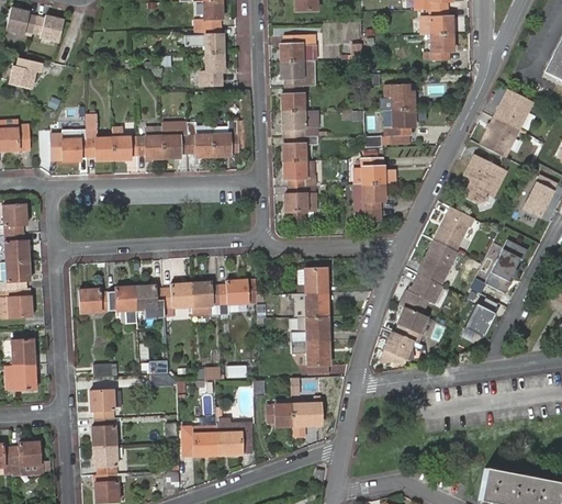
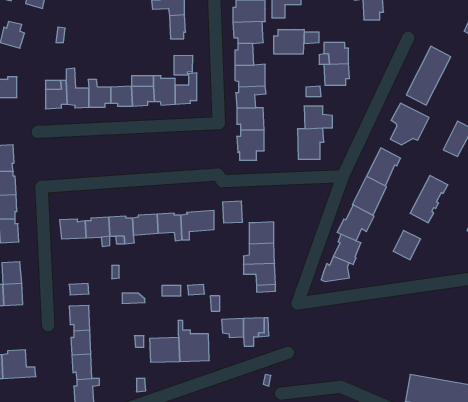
building: none -> [274,29,304,54]
building: none -> [174,55,192,75]
building: [304,268,327,293] -> [223,201,243,223]

